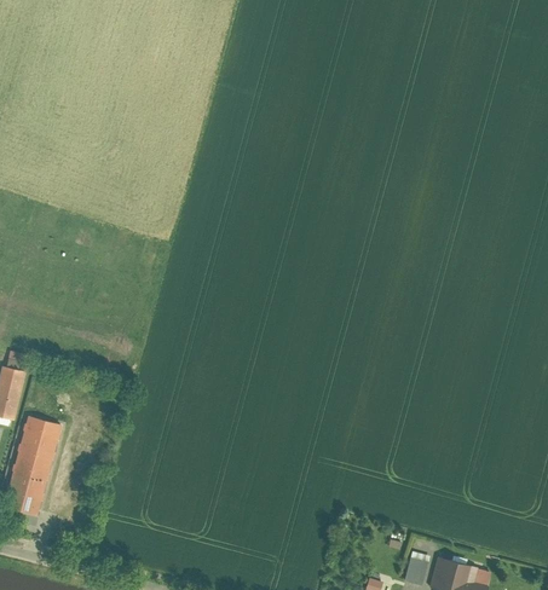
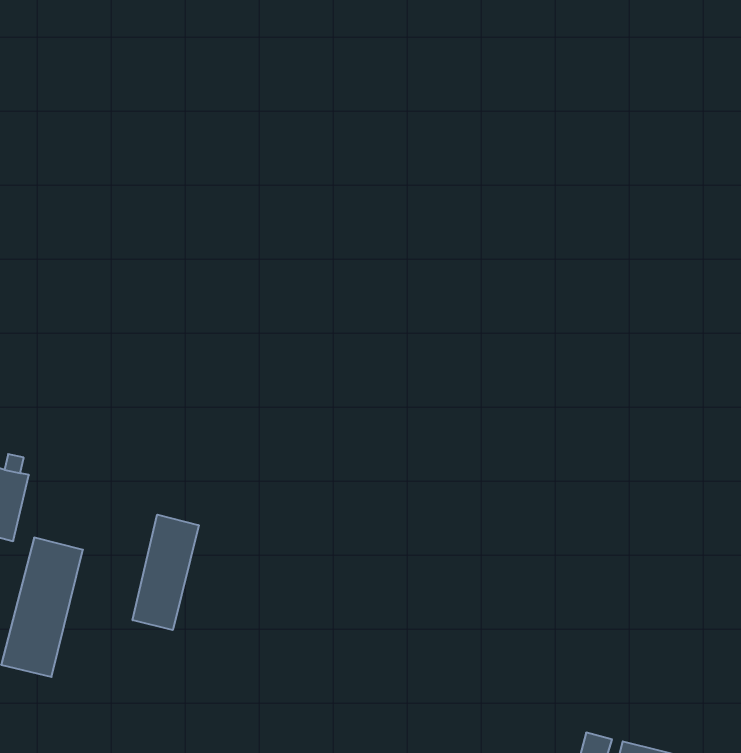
building: none -> [133,515,199,630]

